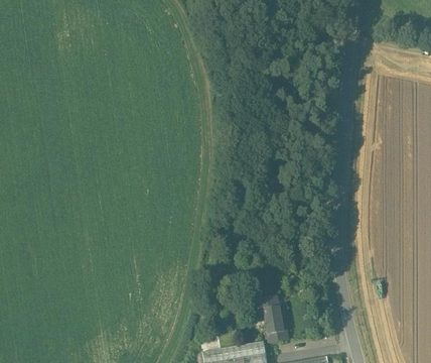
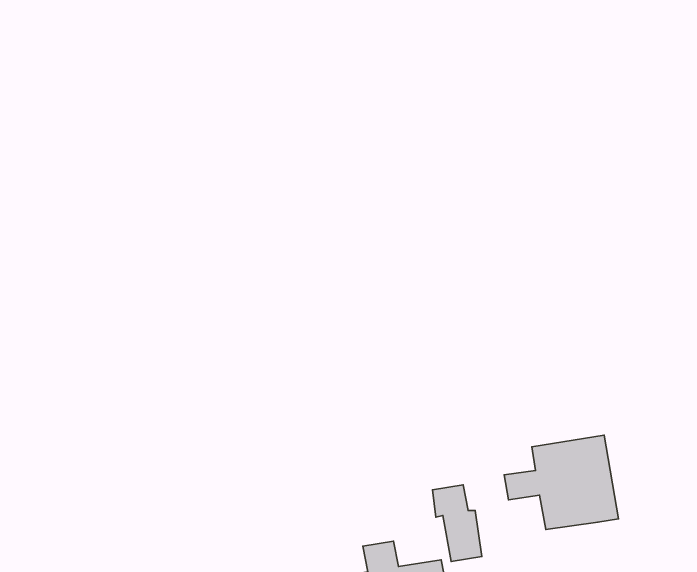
building: none -> [504,435,618,530]

